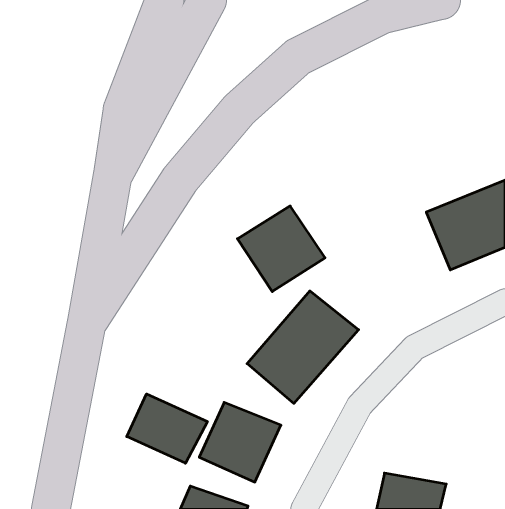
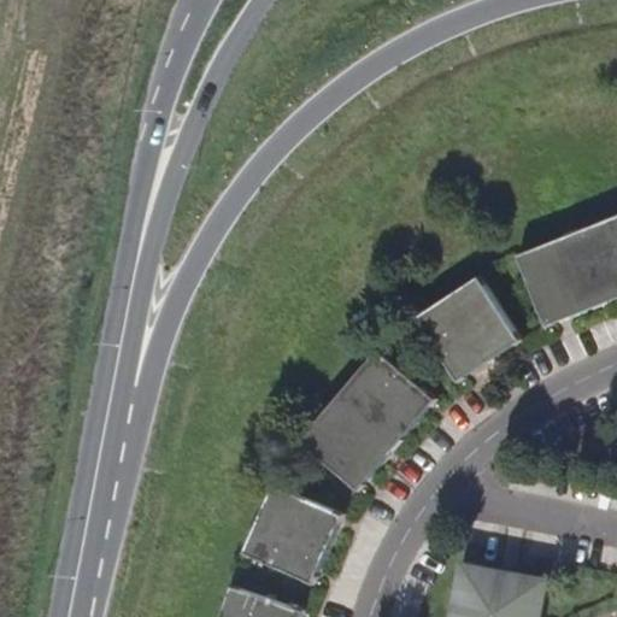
building: [237,206,325,292] -> [413,277,519,381]
building: [127,394,207,463] -> none

